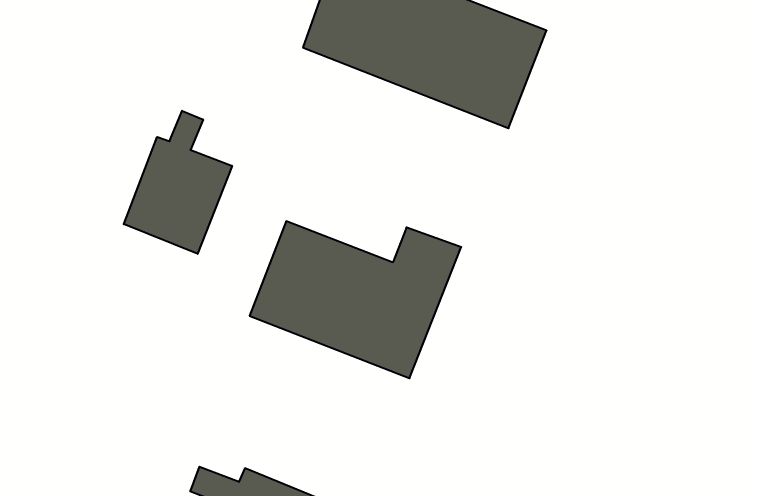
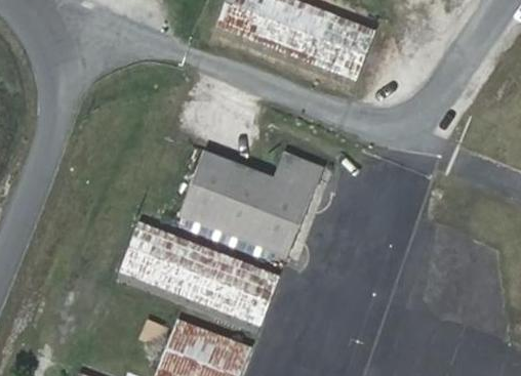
building: [124,111,232,254] -> none
building: none -> [124,221,284,326]

